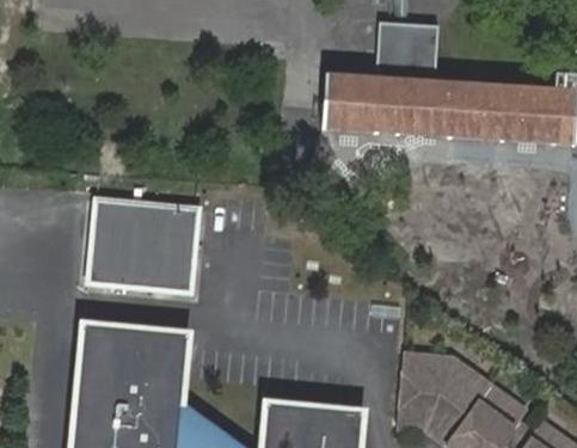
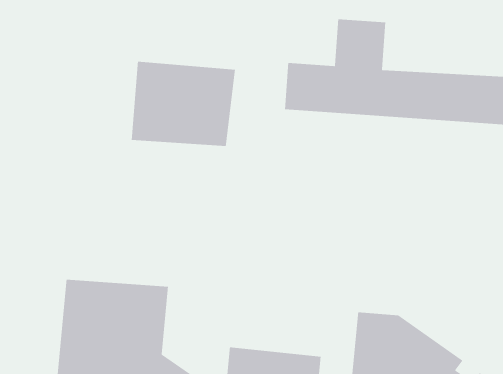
building: [86,195,204,291] -> [131,61,236,147]

